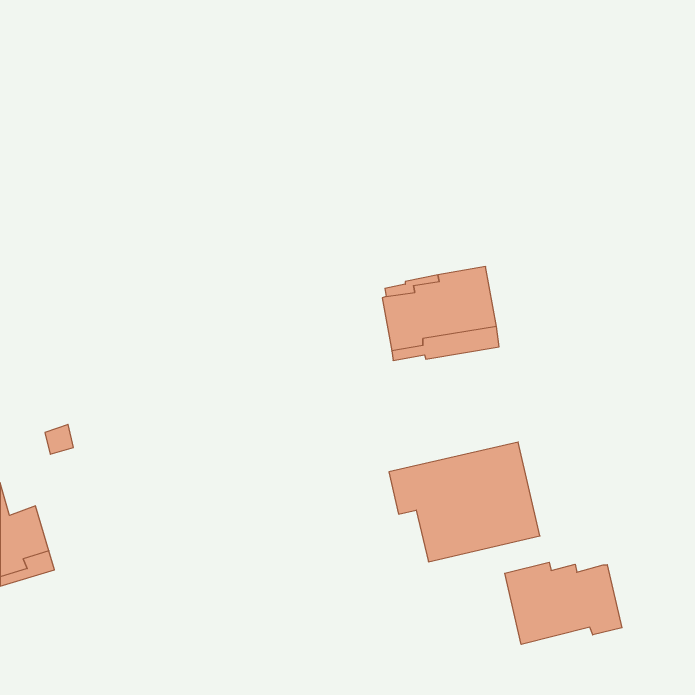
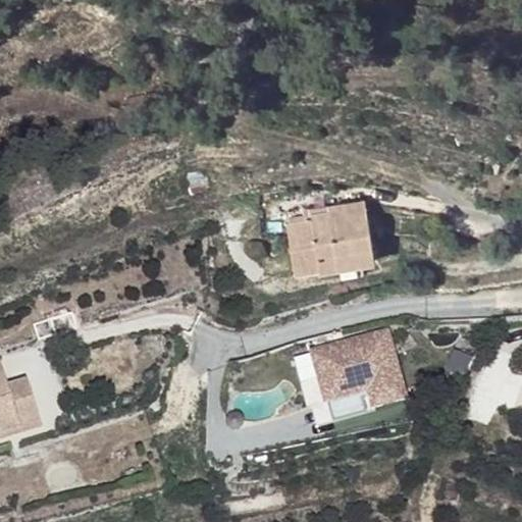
building: [505,562,622,644] -> none

